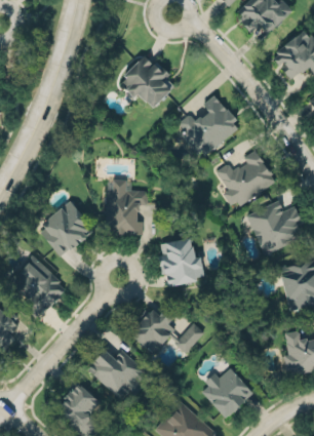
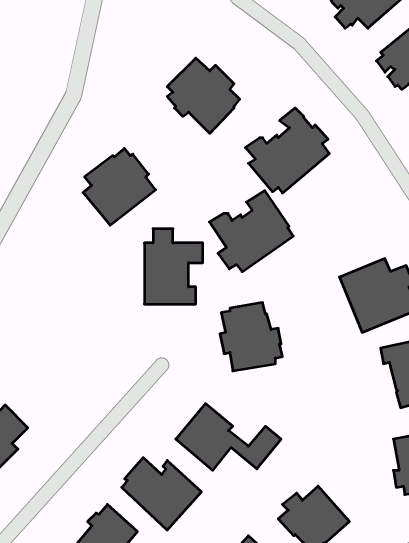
building: [217,148,277,206] -> [209,191,293,272]
building: [41,199,93,254] -> [83,148,156,225]
building: [7,256,67,320] -> none

